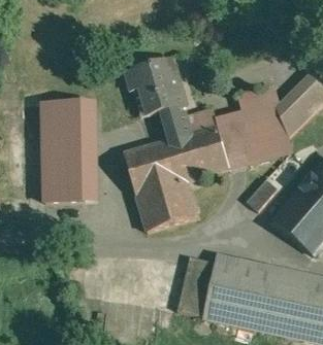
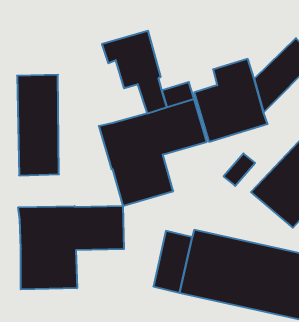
building: none -> [18,206,124,289]

